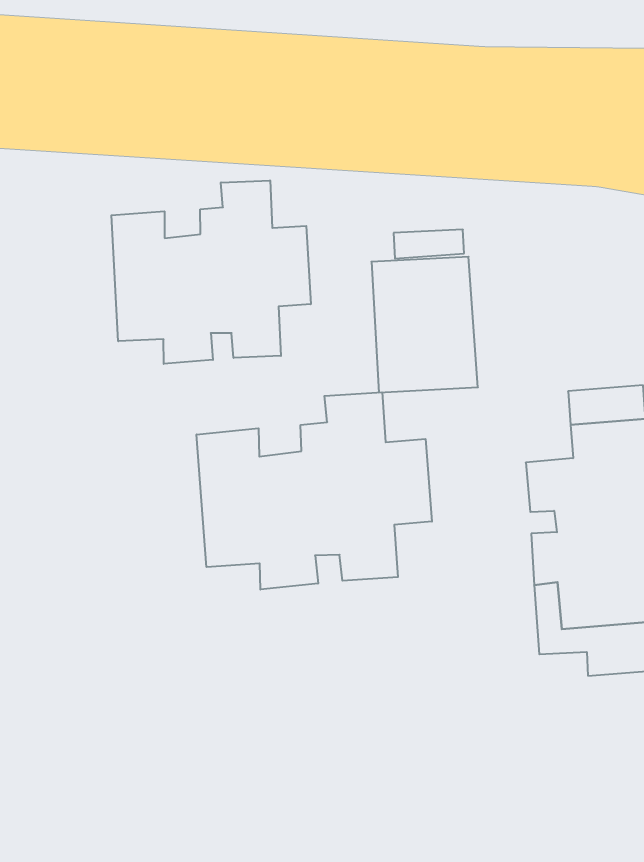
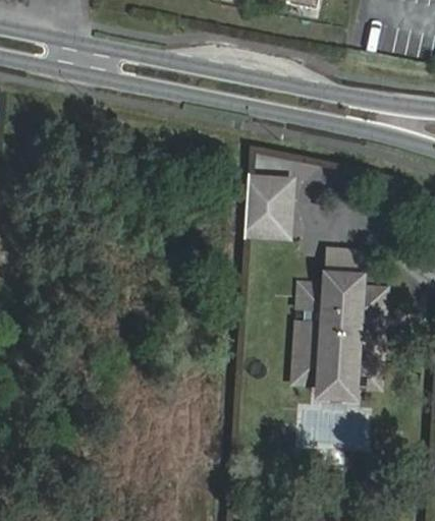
building: [111,180,311,364] -> none
building: [197,392,432,590] -> none

